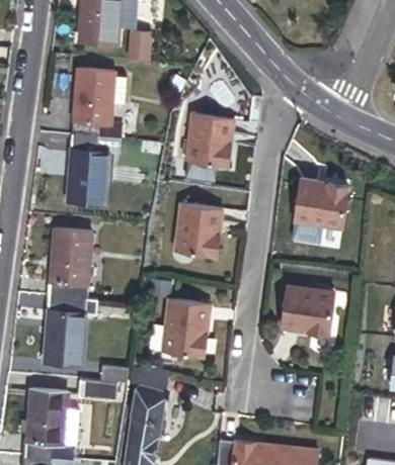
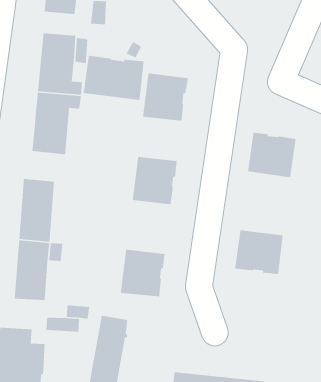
building: none -> [83,55,145,101]

